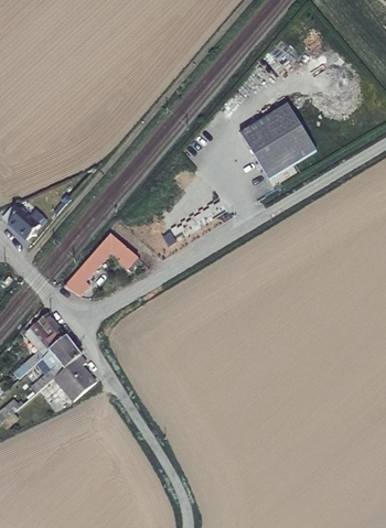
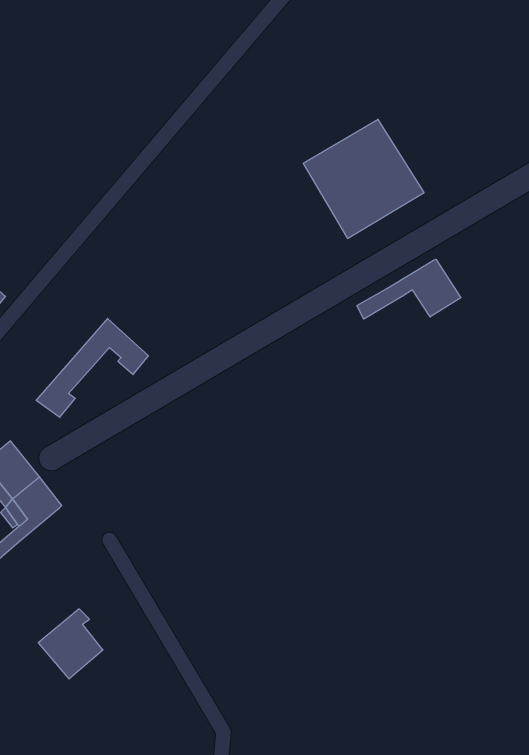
building: none -> [357,259,461,319]
building: [54,355,96,400] -> [38,609,103,679]

